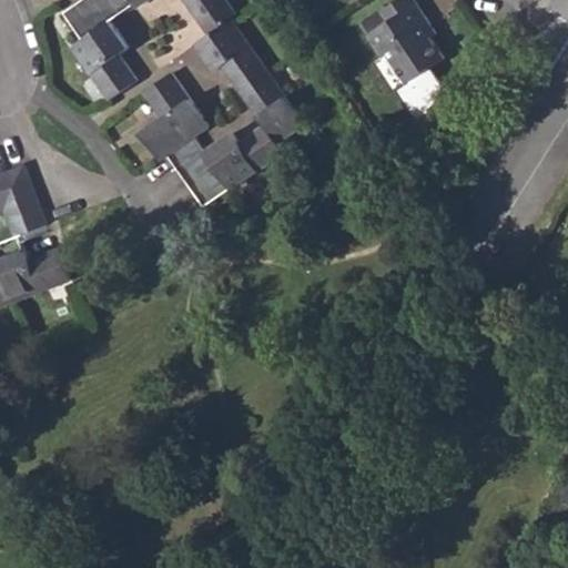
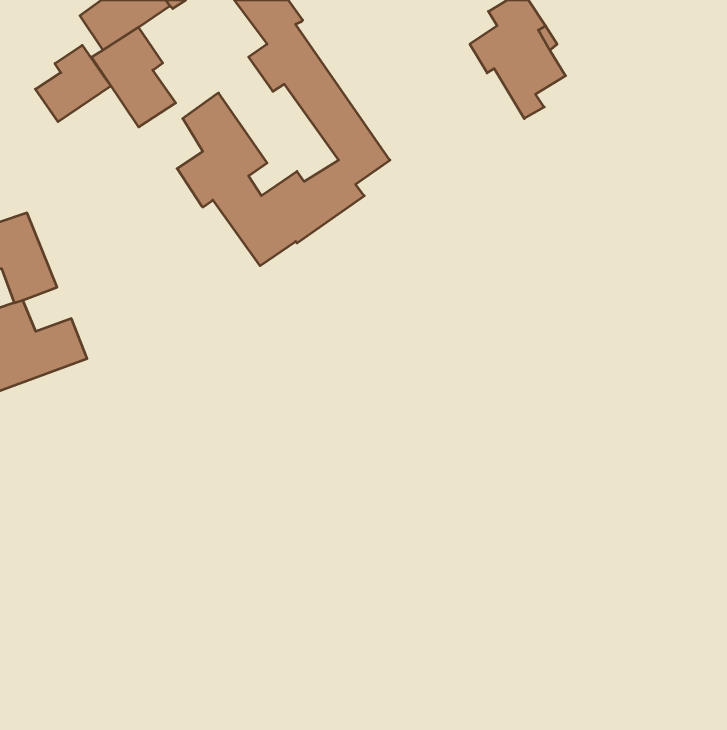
building: none -> [35,45,111,122]

